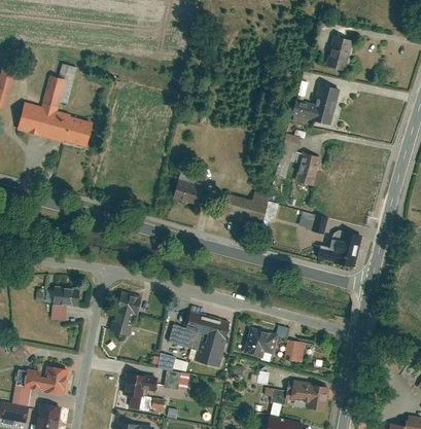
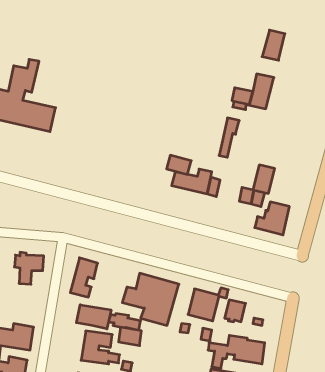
building: [294,152,319,184] -> [253,165,275,193]
building: [174,182,202,204] -> [167,155,191,174]
building: none -> [76,305,111,329]

